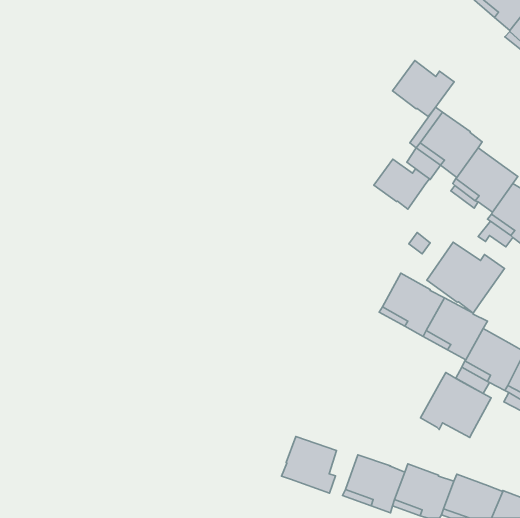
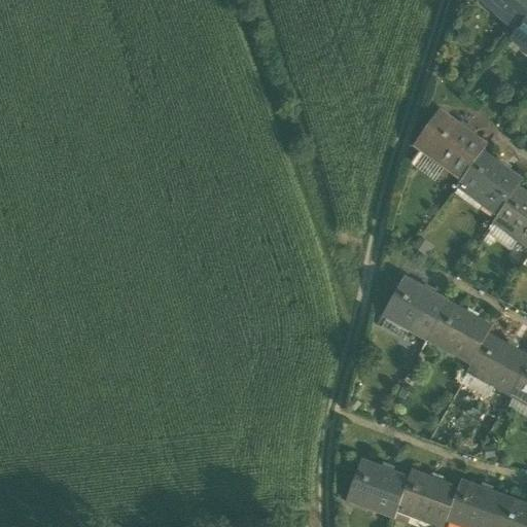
building: [393,60,454,116] -> none
building: [374,159,429,209] -> none
building: [427,242,504,313] -> none
building: [420,373,491,437] -> none
building: [282,436,337,493] -> none

